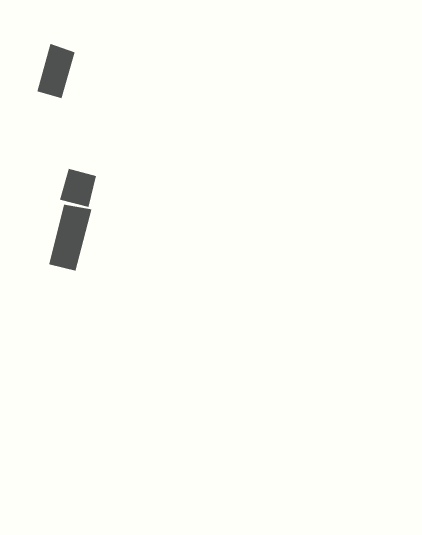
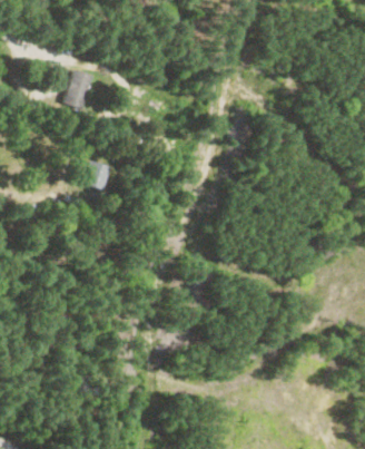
building: [49,204,92,272] -> none

